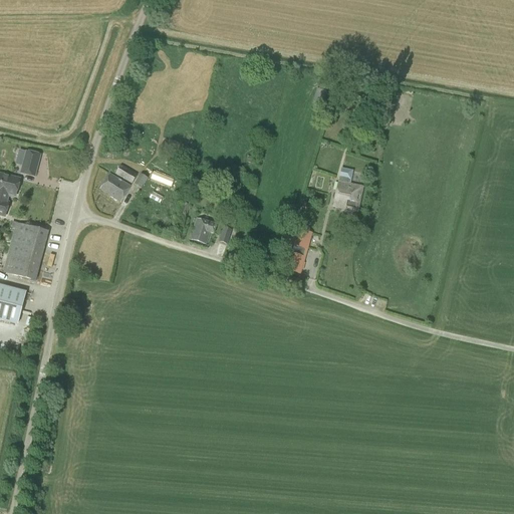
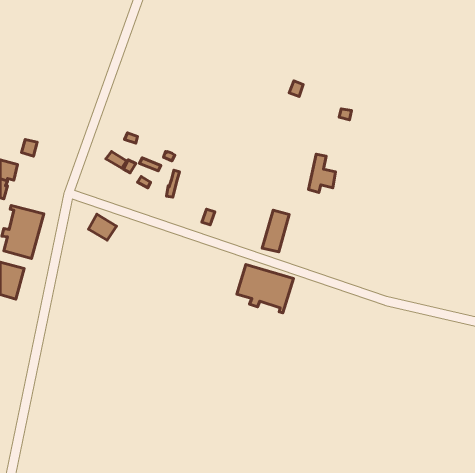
building: [100,173,131,201] -> [89,214,116,240]
building: [190,217,216,243] -> none
building: none -> [237,265,294,313]

